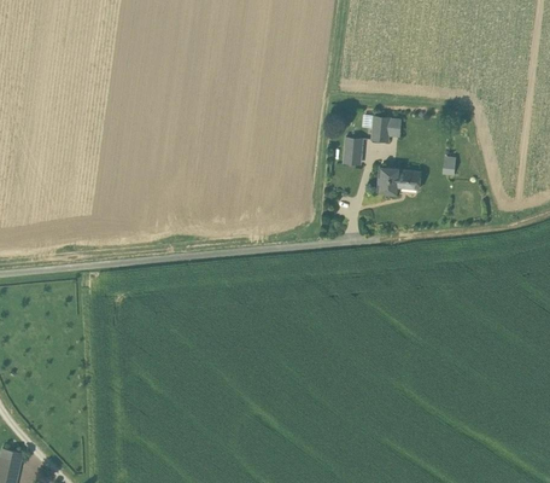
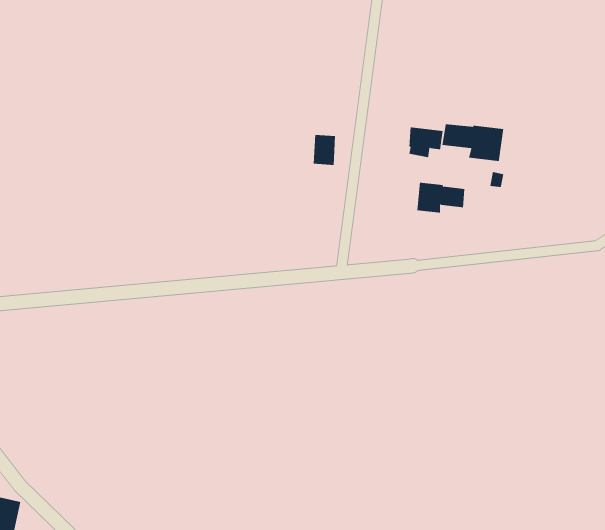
building: none -> [442,123,504,162]
building: [343,139,363,167] -> [313,134,336,165]

